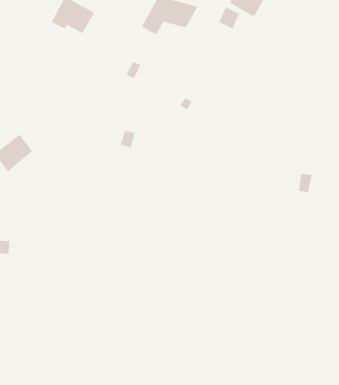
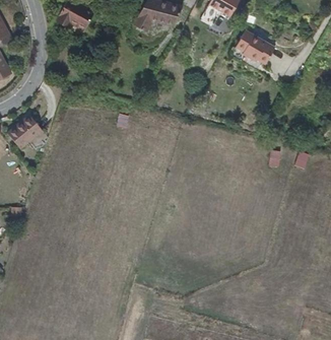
building: none -> [235,29,274,62]

